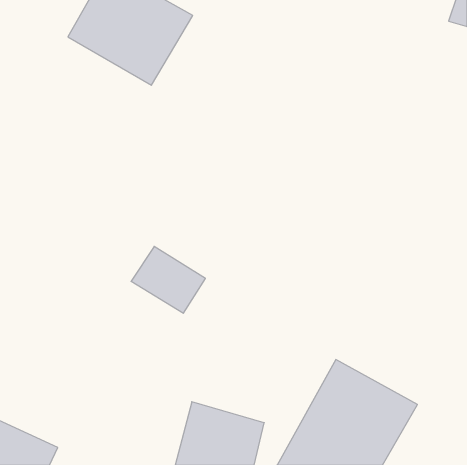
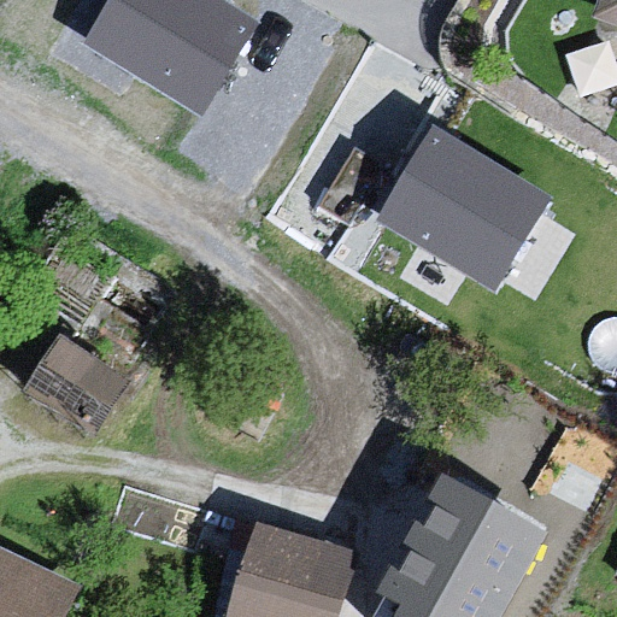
building: none -> [377,129,551,292]
building: [131,246,205,313] -> [29,324,127,412]

